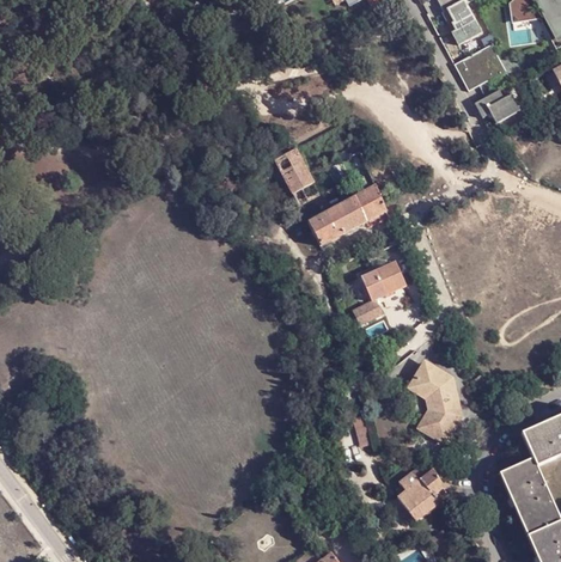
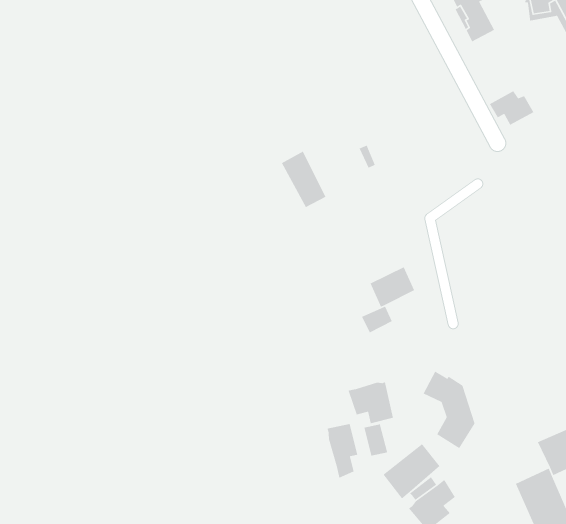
building: [455,43,504,88] -> none
building: [307,185,386,245] -> none
building: none -> [348,381,394,424]
building: none -> [326,423,358,479]
building: none -> [382,443,441,500]

